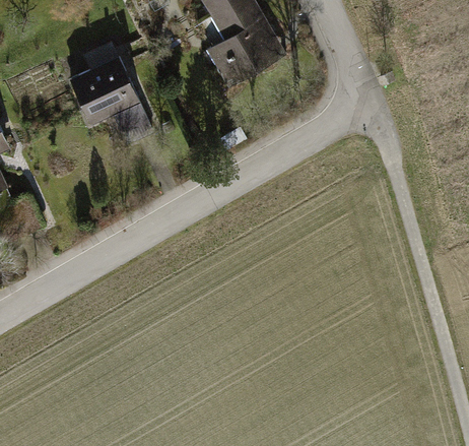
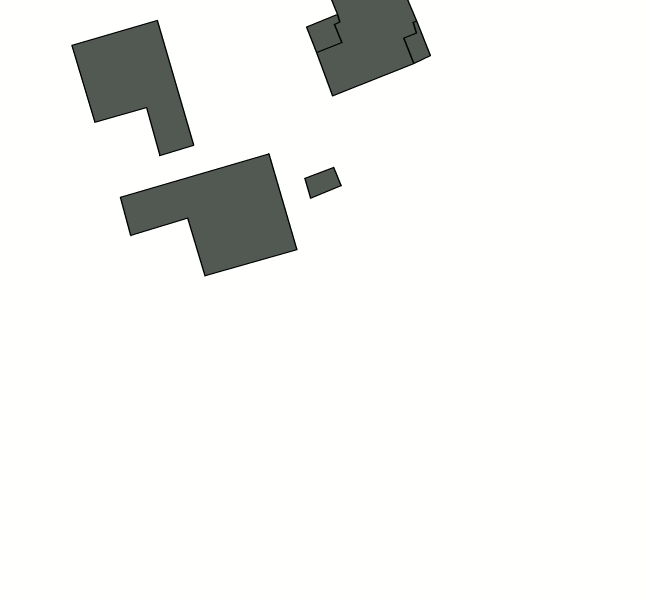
building: none -> [120,154,297,276]

